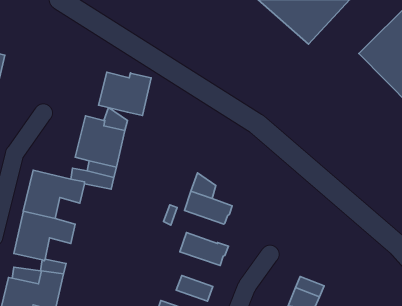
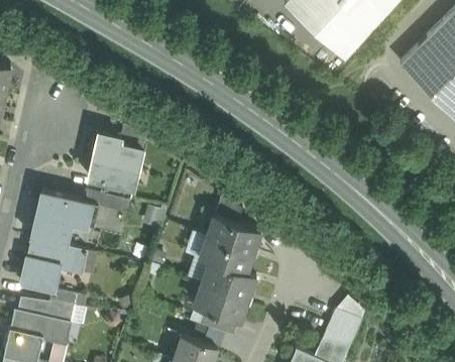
building: [99,72,151,115] -> none
building: none -> [201,237,253,273]
building: none -> [195,282,249,321]

